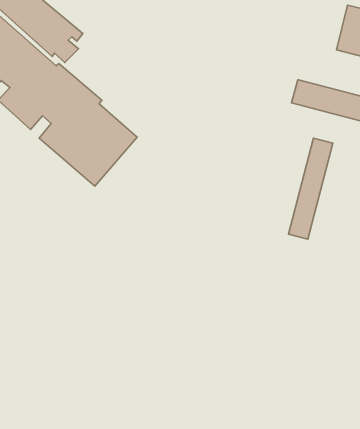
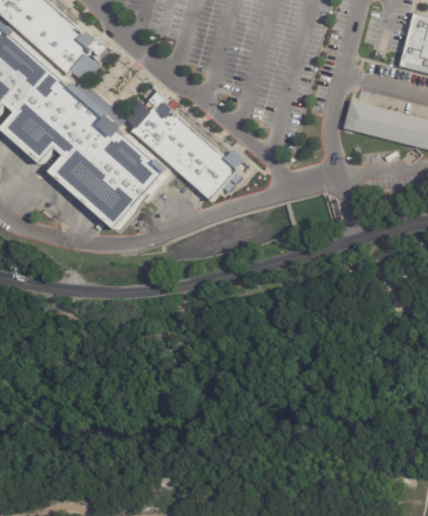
building: none -> [120,93,235,199]
building: [288,138,333,239] -> none

